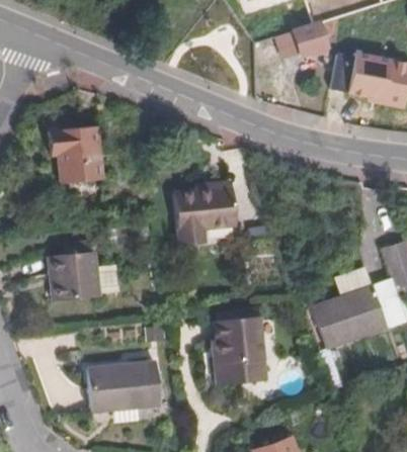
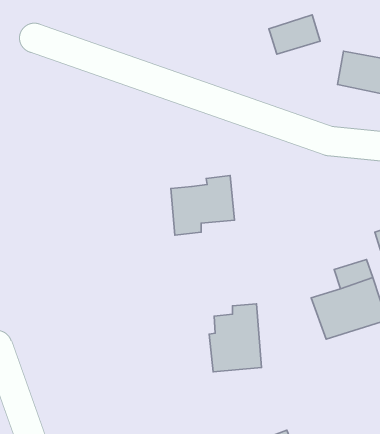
building: [48,127,101,186] -> none
building: [48,254,99,304] -> none
building: [87,365,162,416] -> none

